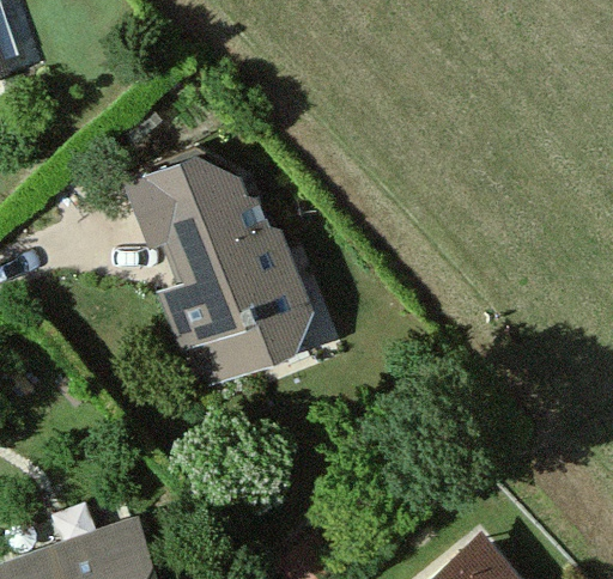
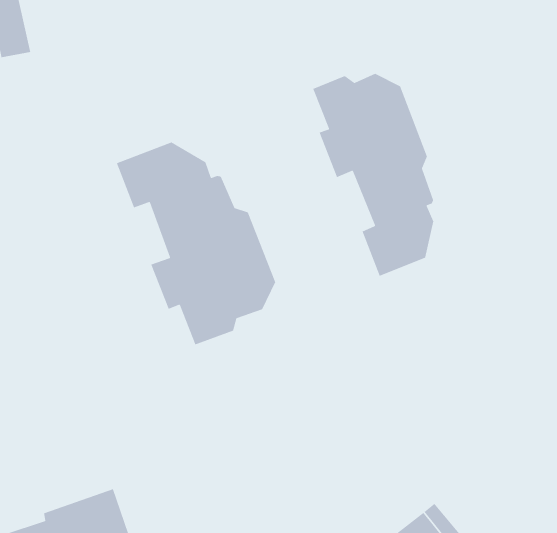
building: none -> [312,73,434,277]

